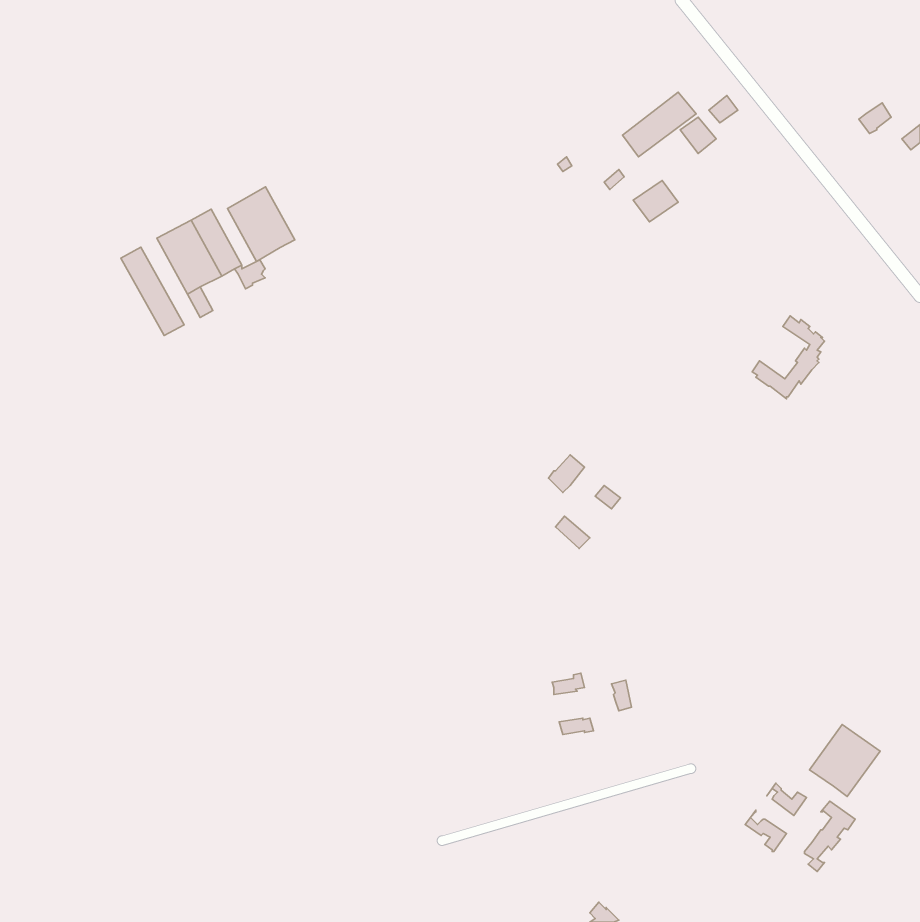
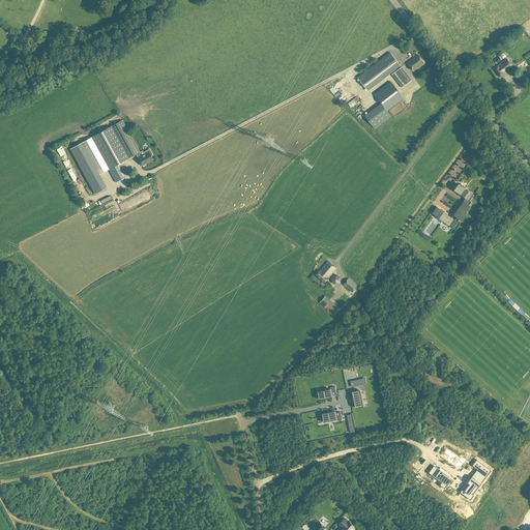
building: none -> [374,82,403,110]
building: [228,187,295,261] -> none
building: [810,724,880,796] -> none

